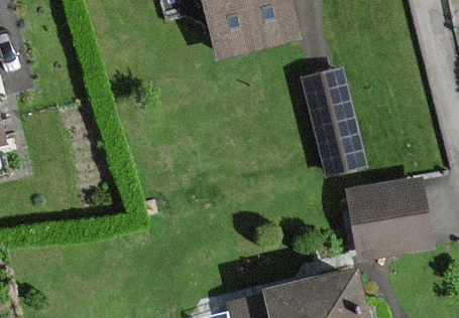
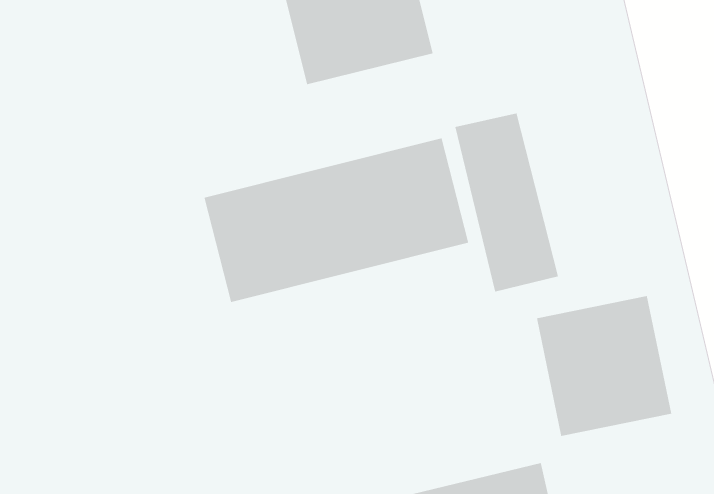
building: none -> [204,138,469,303]

